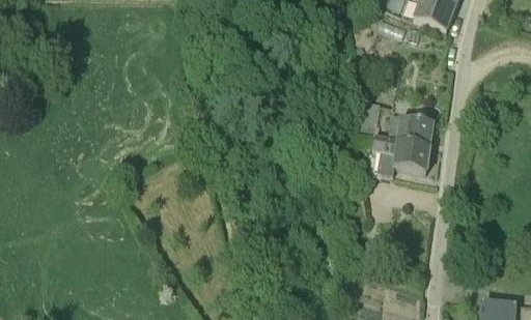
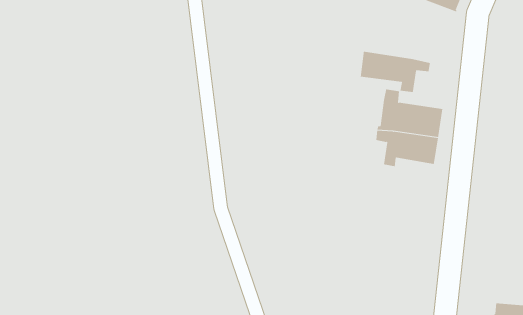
building: none -> [360,51,431,93]

